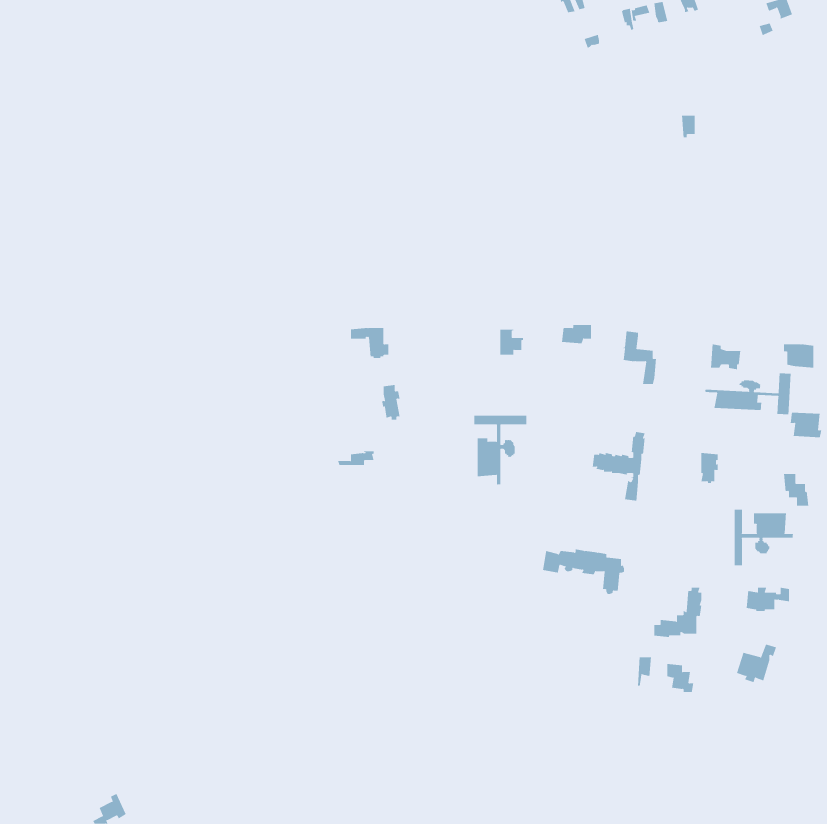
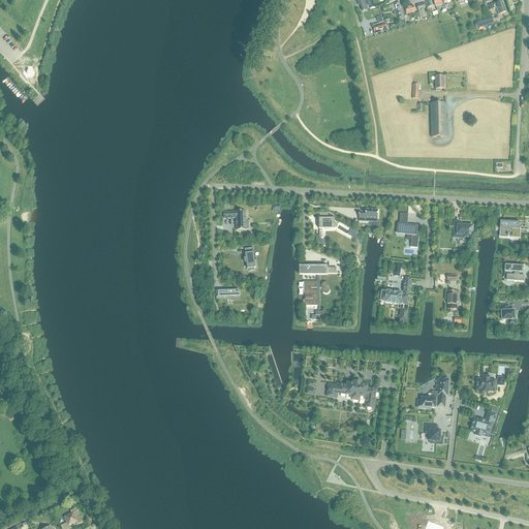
building: none -> [430,100,445,134]
building: [701,373,791,415] -> none
building: [734,509,796,566] -> none
building: [542,549,625,594] -> [325,380,378,409]

